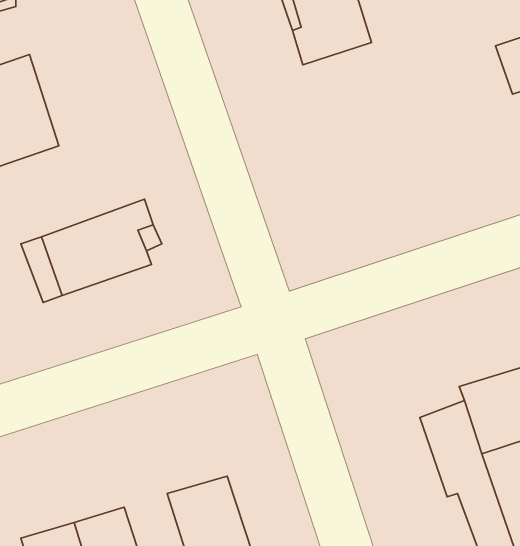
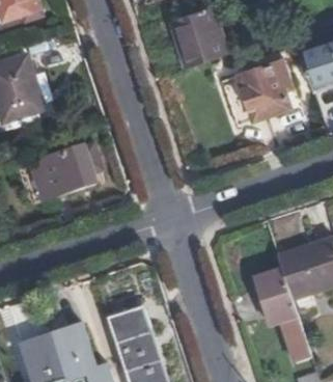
building: none -> [225,58,295,122]

